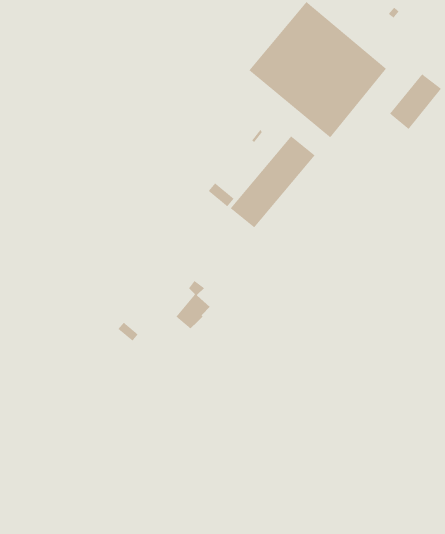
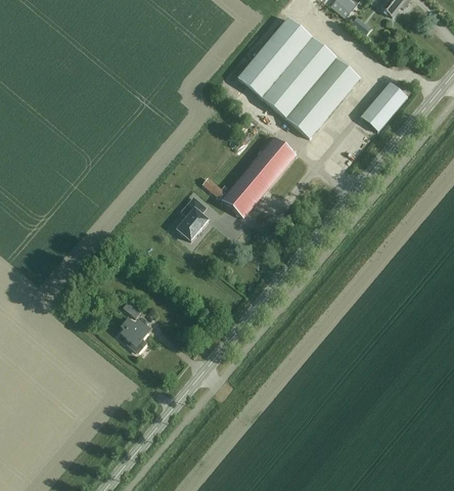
building: [175,280,211,329] -> [177,196,208,239]
building: none -> [121,316,149,350]

